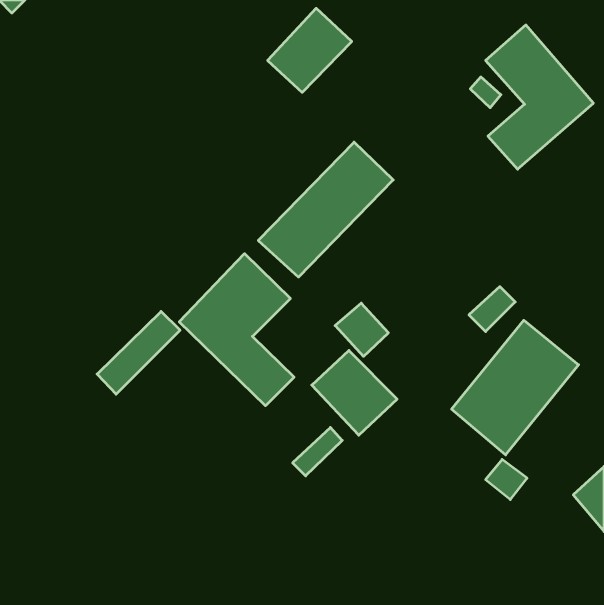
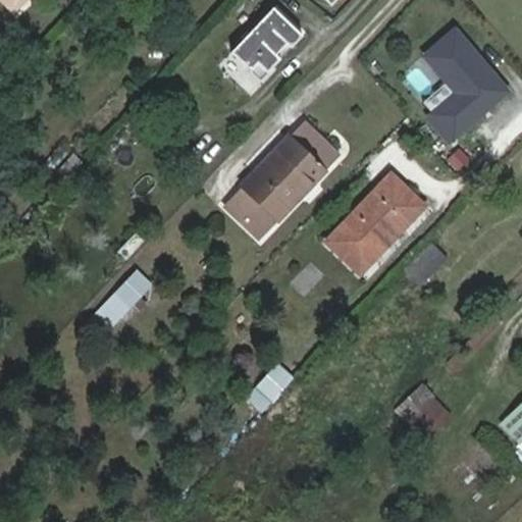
building: none -> [325,175,423,274]
building: [179,254,294,406] -> none
building: [452,320,579,455] -> none
building: [312,350,397,435] -> none

